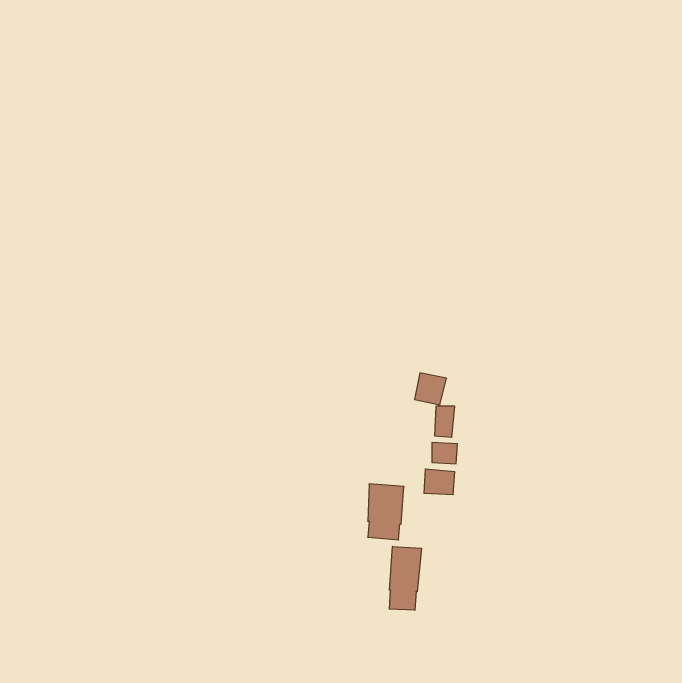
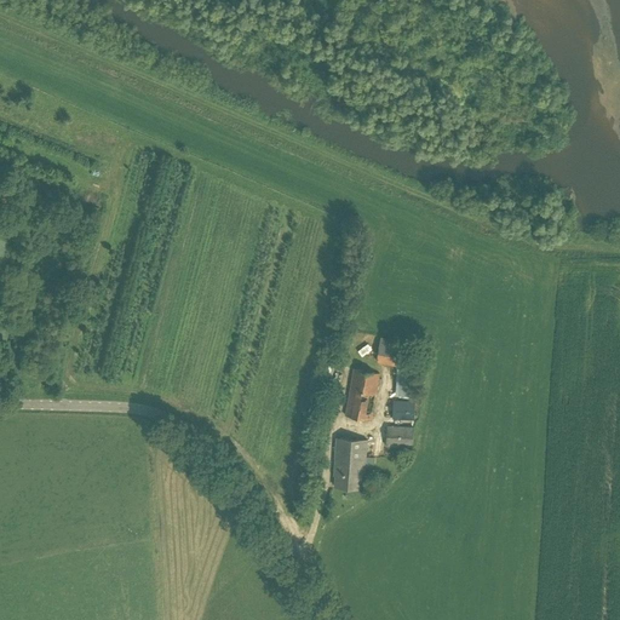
building: none -> [343,369,379,420]
building: [389,546,421,610] -> none

